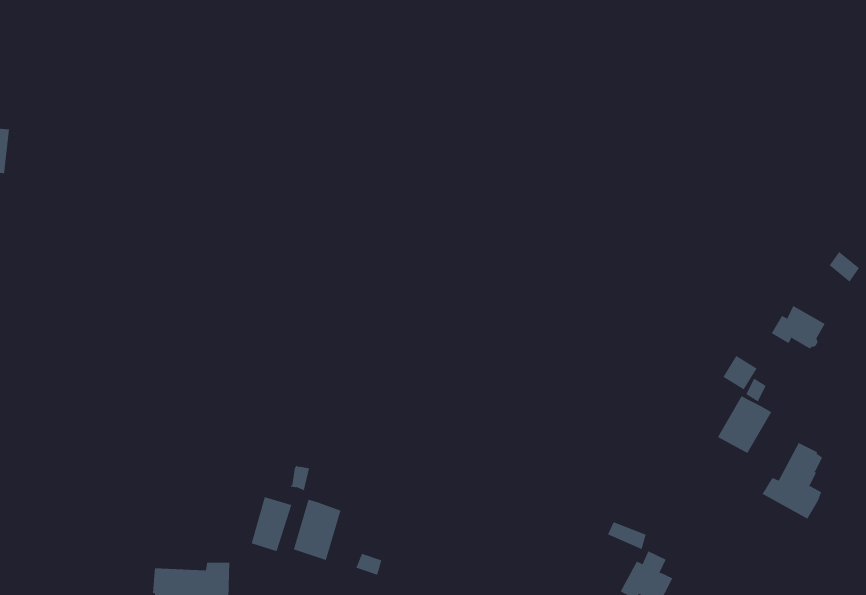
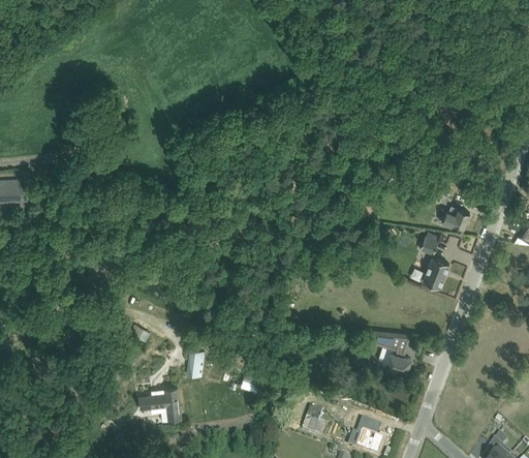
building: [762,442,823,519] -> none
building: [293,499,341,561] -> none

